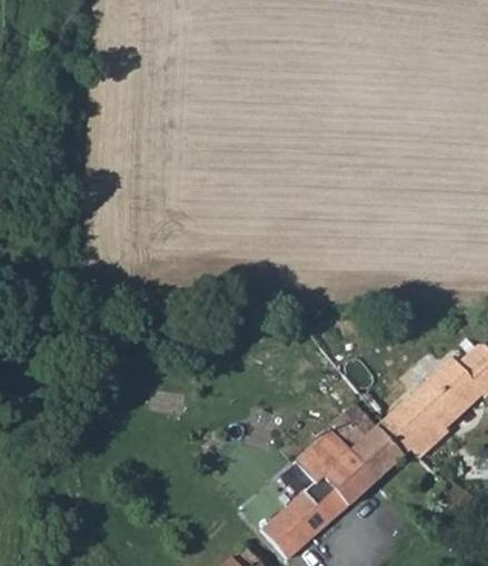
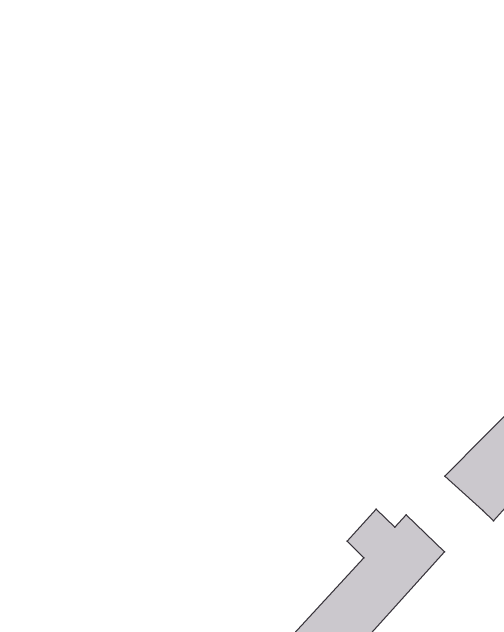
building: [332,400,411,478] -> none

